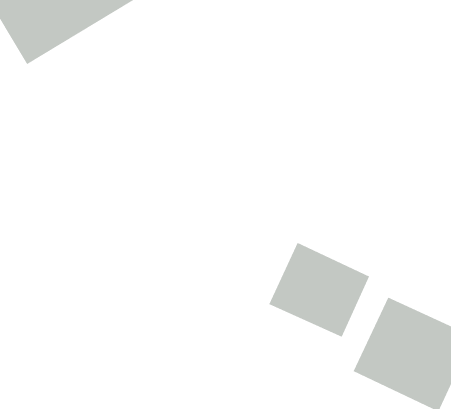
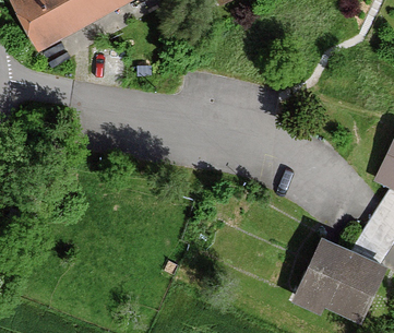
building: [268,242,370,338] -> none

